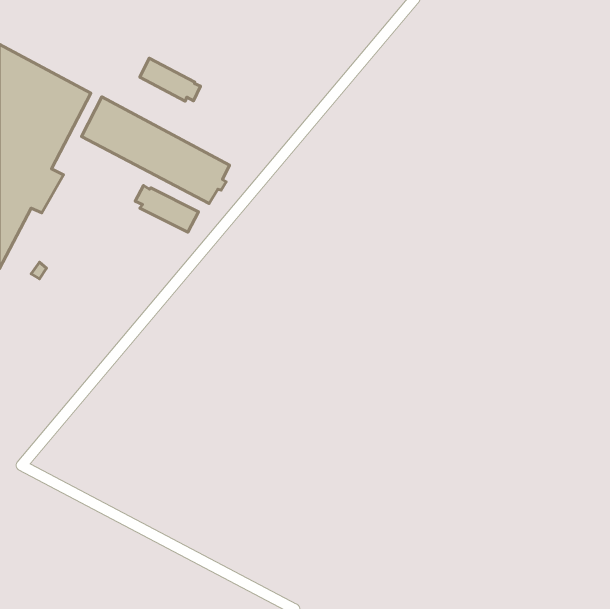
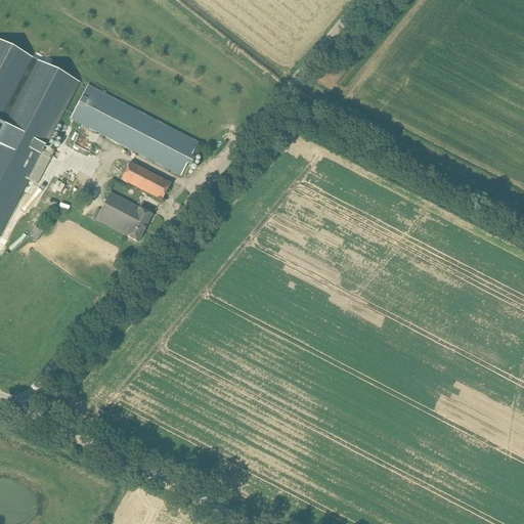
building: [140,58,201,101] -> none
building: none -> [95,190,151,241]

